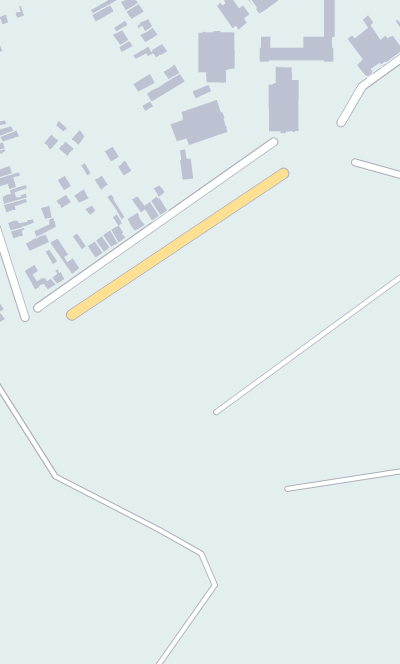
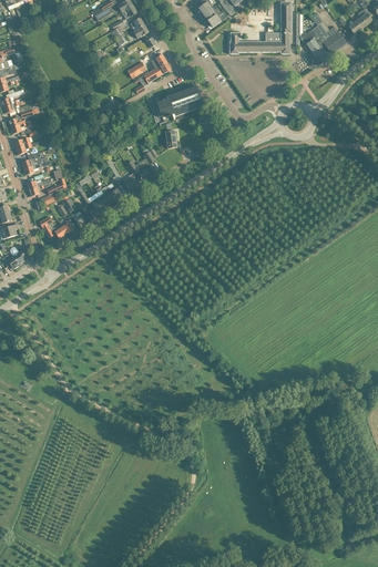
building: [198,30,235,83] -> none
building: [268,66,299,134] -> none

